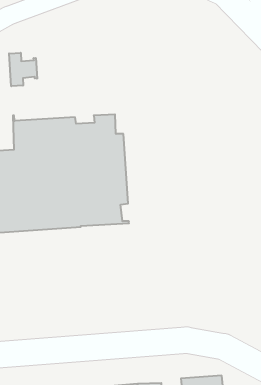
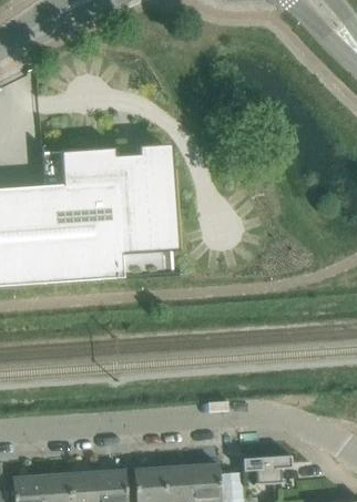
building: [9,53,37,86] -> none

